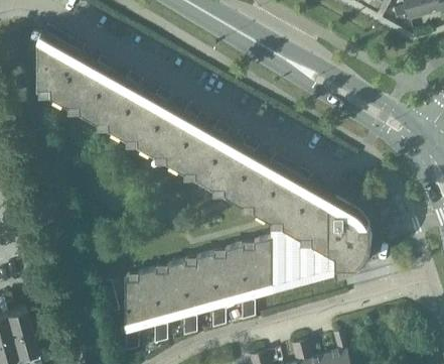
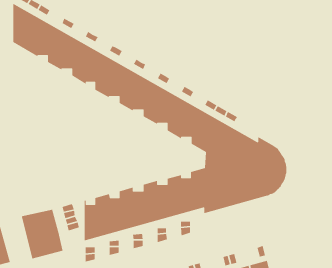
building: none -> [21,209,63,259]

